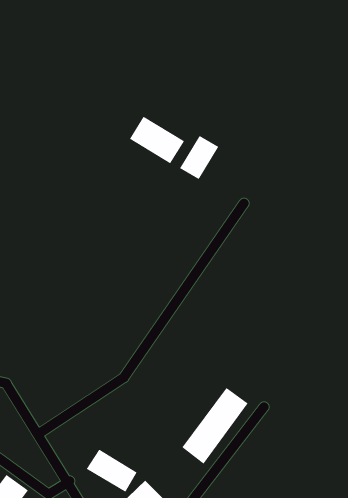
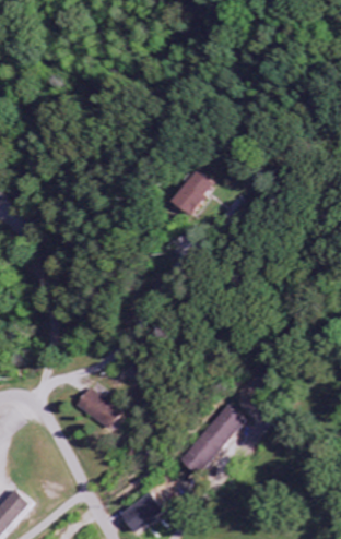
building: [129,116,185,164] -> none
building: [86,449,138,493] -> [72,388,120,429]

